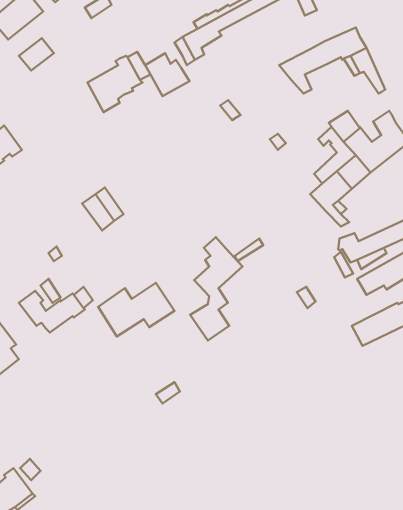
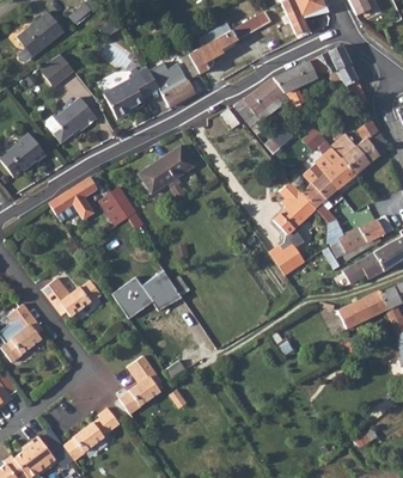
building: none -> [234,78,285,134]
building: none -> [45,98,97,141]
building: none -> [140,146,193,192]
building: none -> [48,176,97,221]
building: [190,237,243,340] -> [269,182,316,274]
building: none -> [120,356,160,413]
building: none -> [65,409,120,460]

